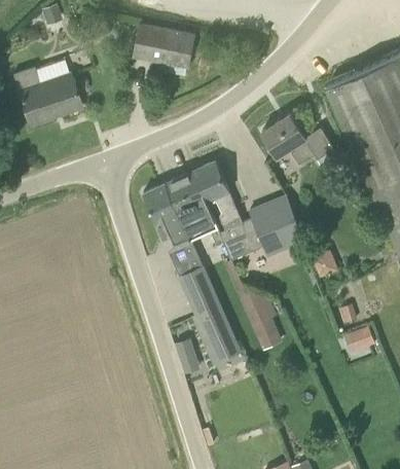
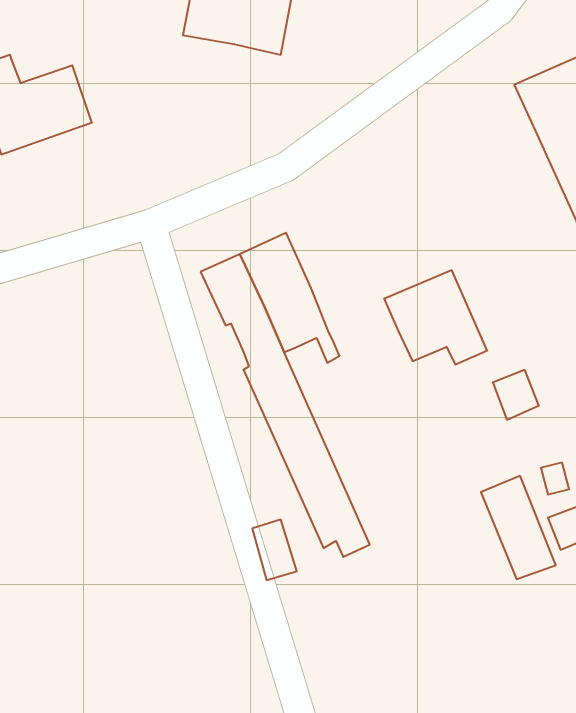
building: [261,113,334,166] -> none
building: [192,160,265,260] -> none
building: [242,289,285,349] -> [481,476,556,579]

